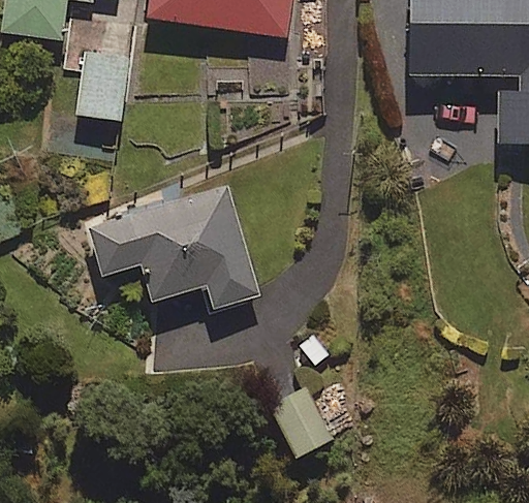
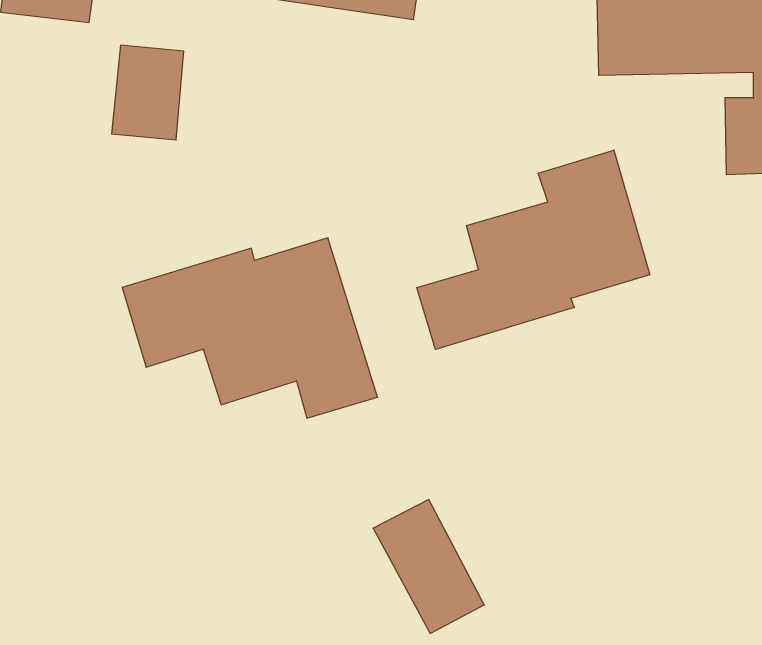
building: none -> [417,150,650,349]

